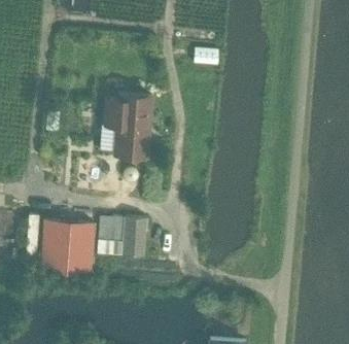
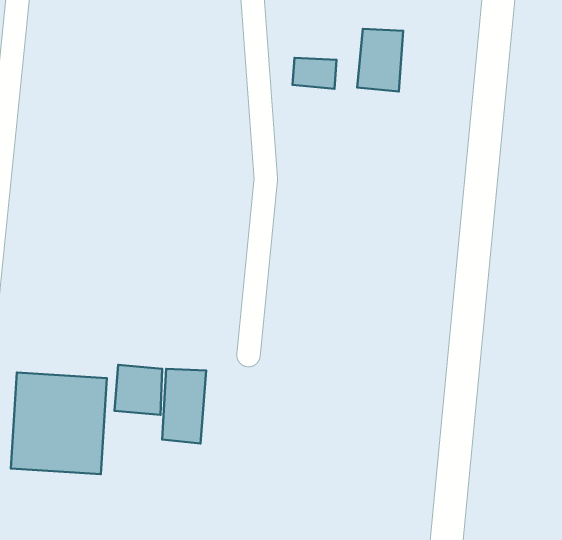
building: none -> [357,29,403,91]
building: [103,95,149,157] -> none

